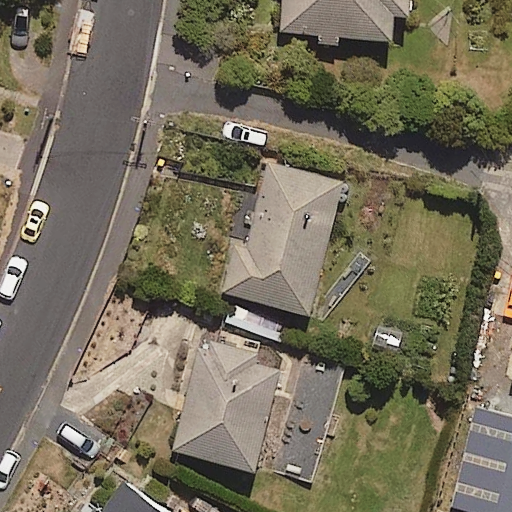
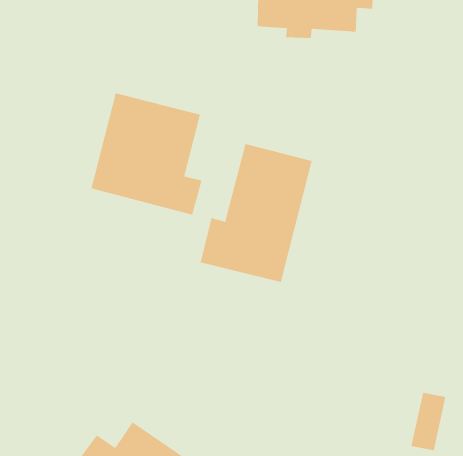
building: none -> [91,93,202,216]
building: [172,339,281,470] -> none

